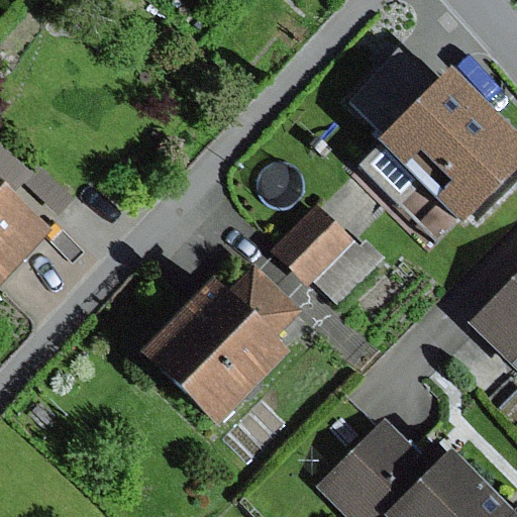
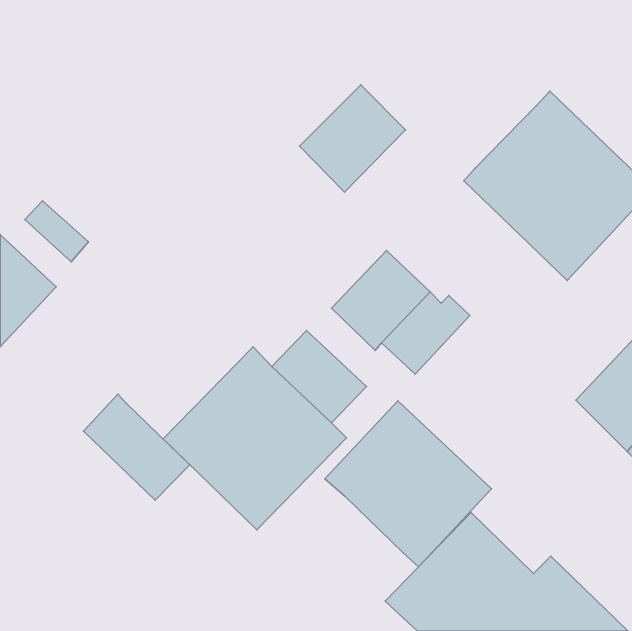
building: [352,49,438,136] -> [300,85,406,192]
building: none -> [83,394,190,500]
building: none -> [325,401,492,567]

